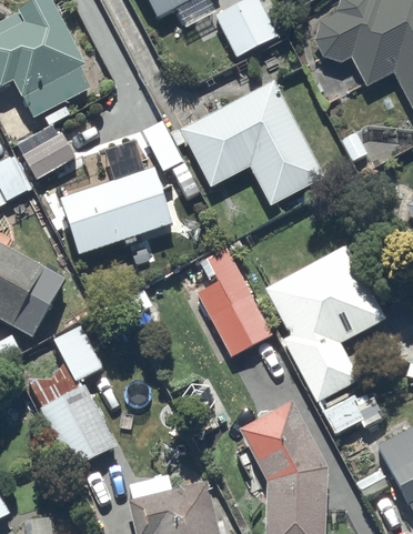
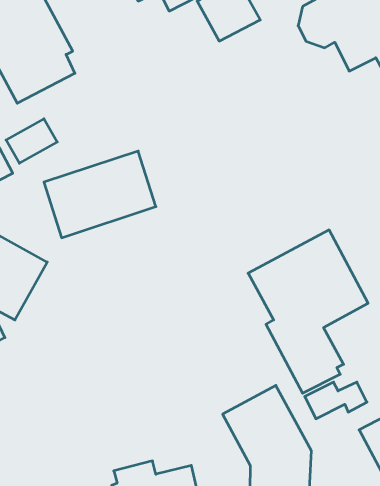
building: [180,81,322,205] -> none
building: [198,248,272,356] -> none
building: [28,325,117,466] -> none

